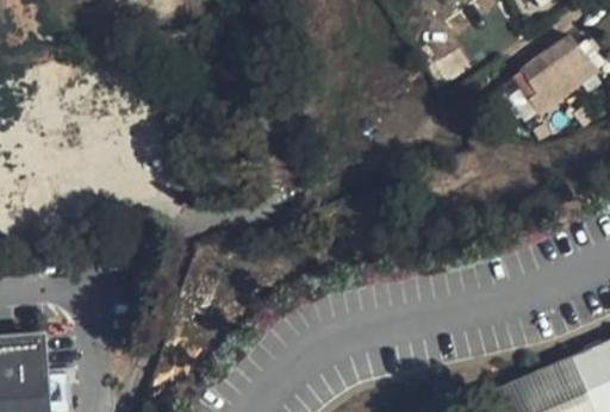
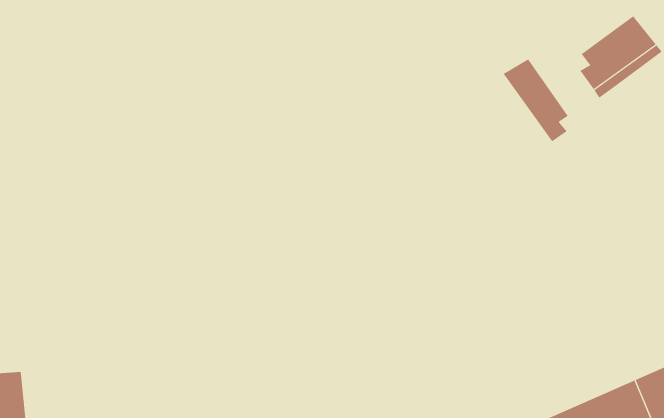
building: none -> [503,58,569,142]

